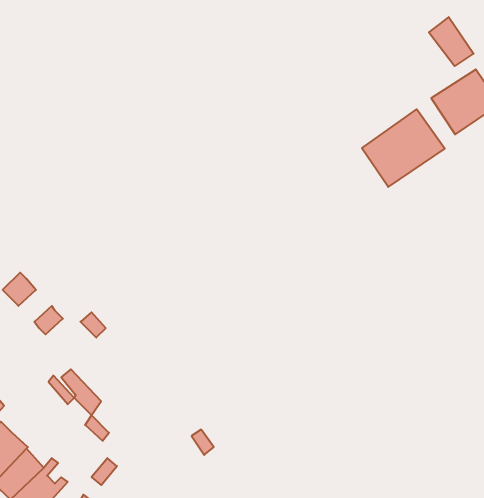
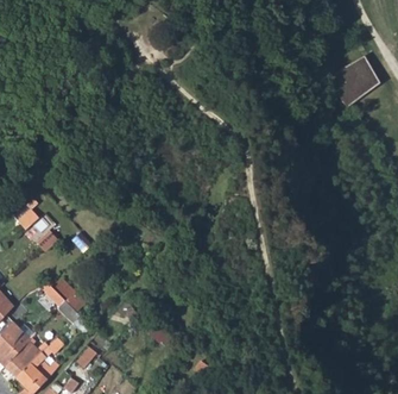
building: [429,17,474,66] -> none
building: [362,109,445,187] -> none

